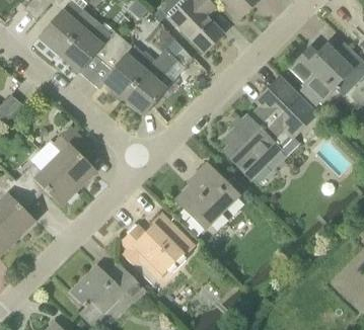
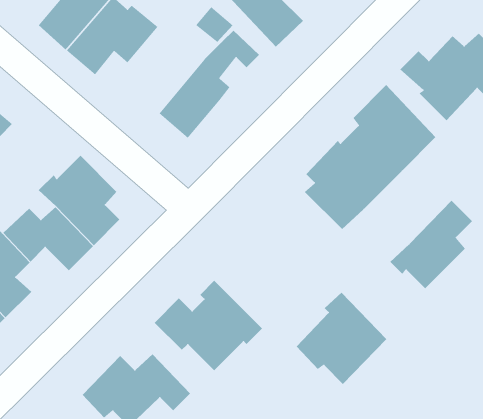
building: [101,38,154,100] -> none
building: none -> [390,200,473,289]
building: [175,163,238,227] -> [296,292,387,385]

